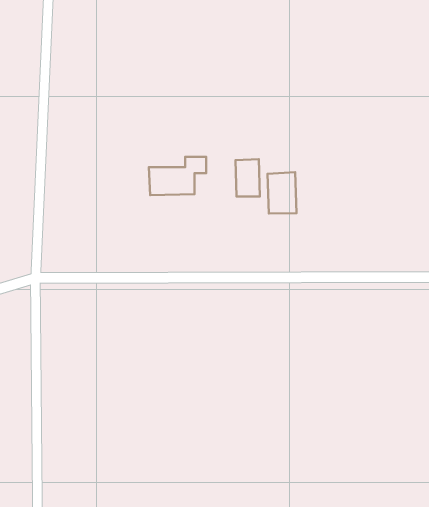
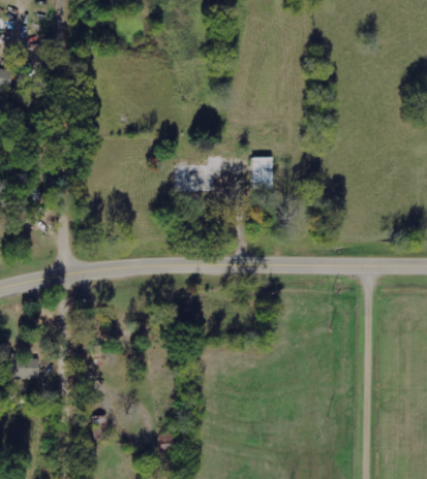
building: [268,172,296,214] -> none

